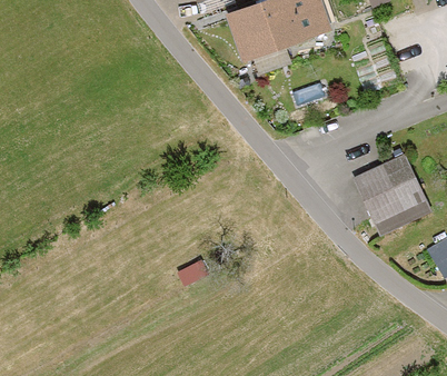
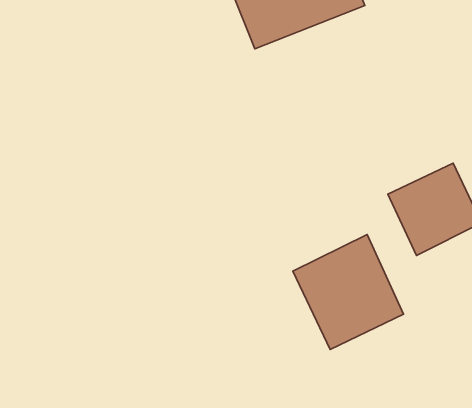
building: none -> [293,235,404,349]

